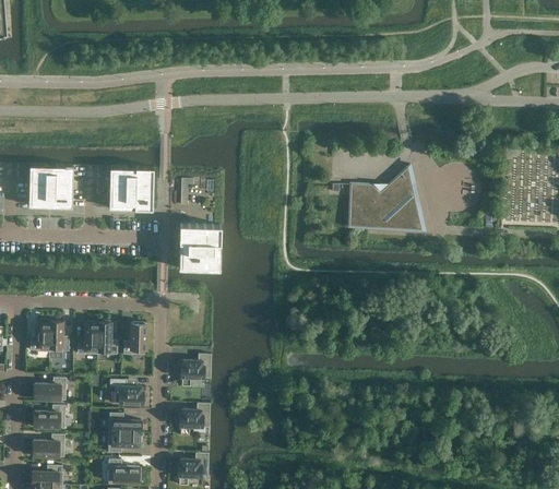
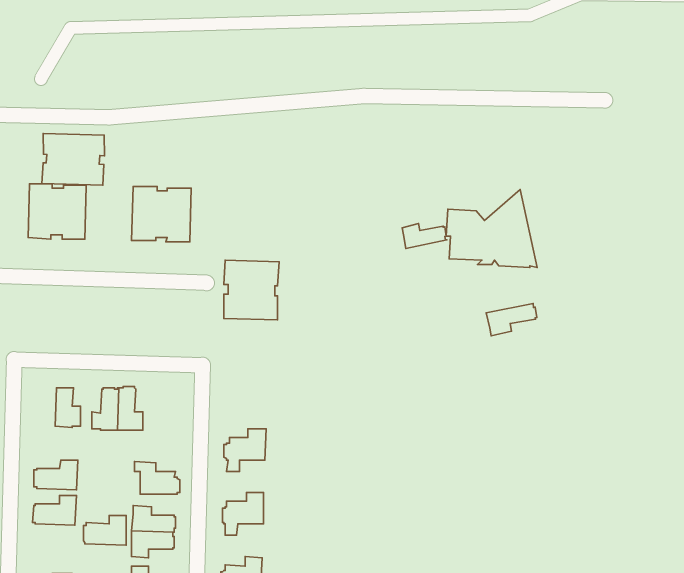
building: none -> [42,133,105,185]
building: none -> [402,224,447,249]
building: none -> [486,304,537,336]
building: [29,320,49,351] -> none
building: [122,322,146,355] -> none
building: [31,434,63,457] -> [83,515,126,545]

